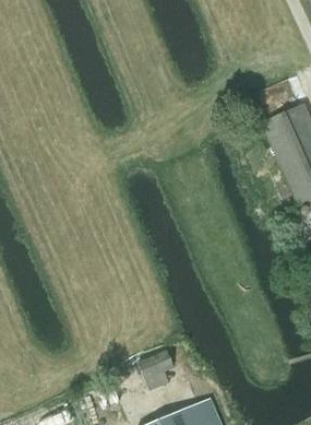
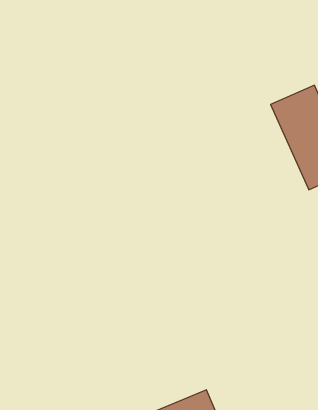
building: [139,347,175,388] -> none

